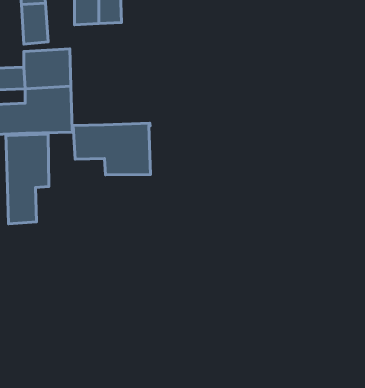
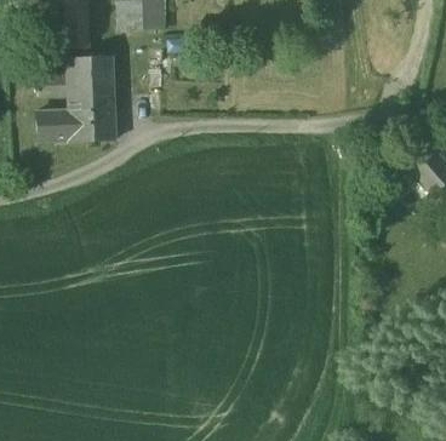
building: [73,123,151,175] -> none
building: [6,134,49,224] -> none

